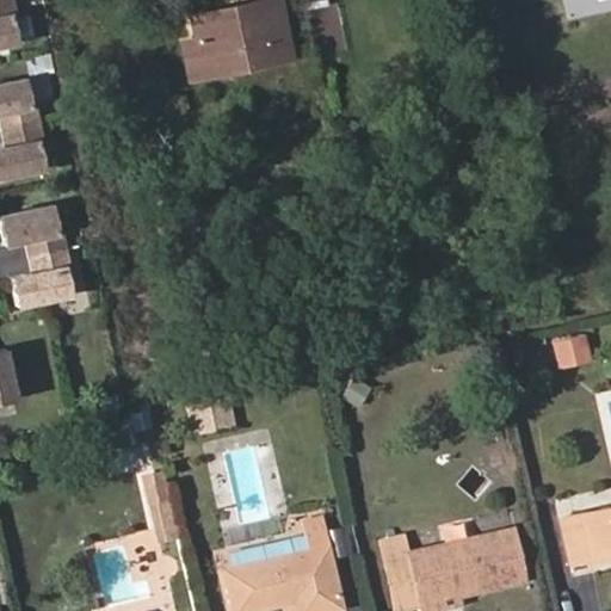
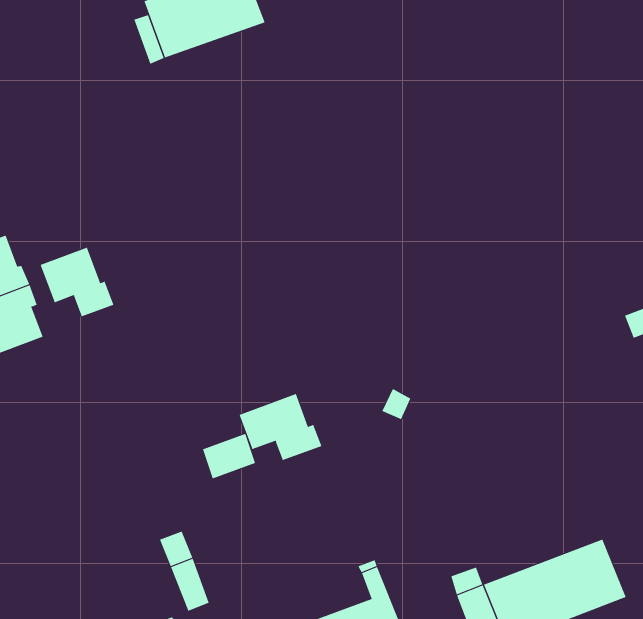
building: none -> [40,247,114,317]
building: none -> [239,393,322,461]

